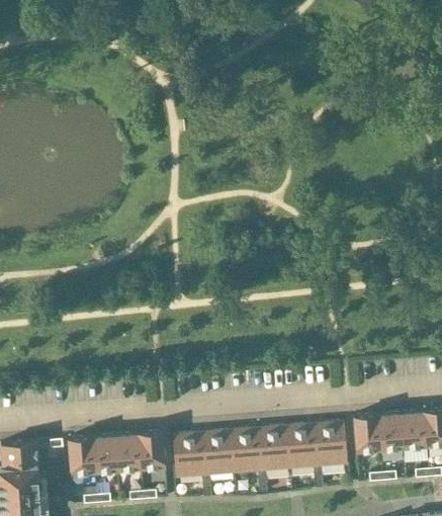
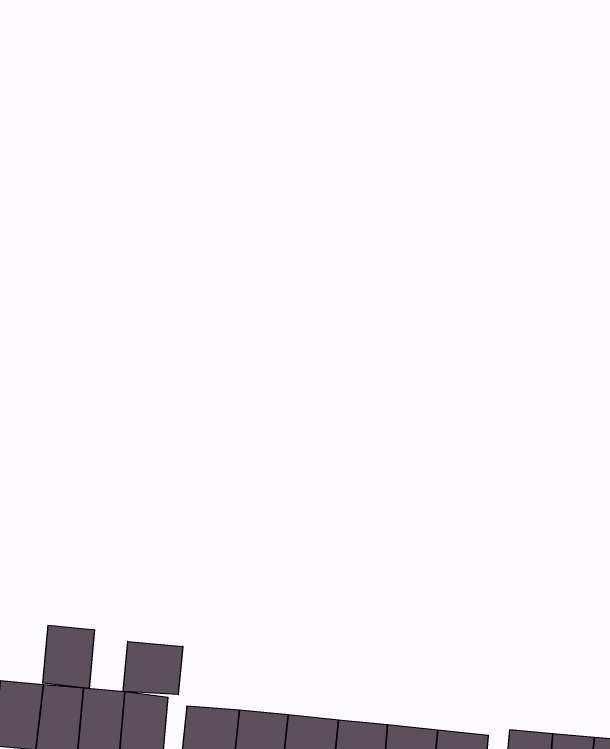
building: none -> [43,625,94,689]
building: none -> [123,641,183,695]

